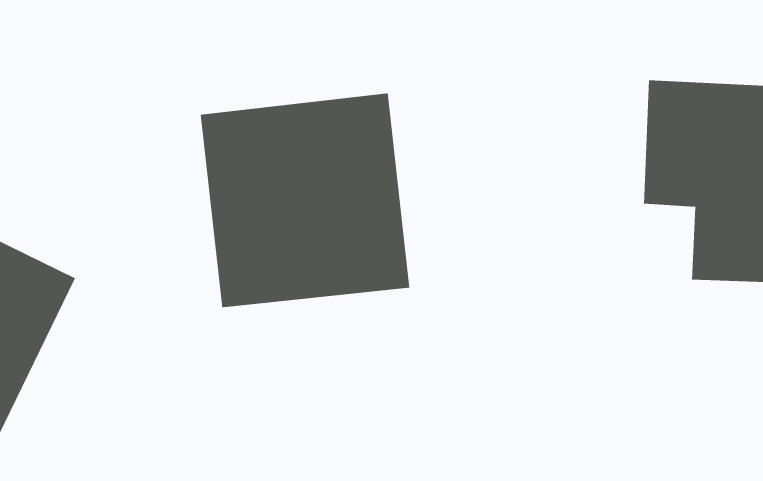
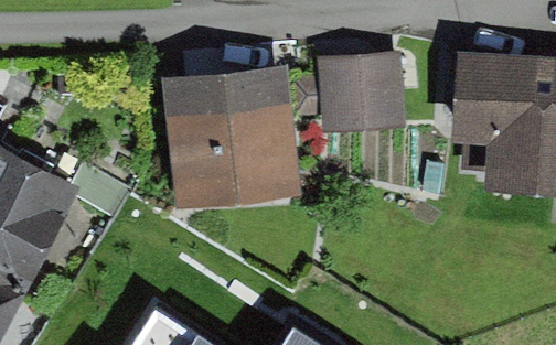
building: none -> [318,53,405,130]

